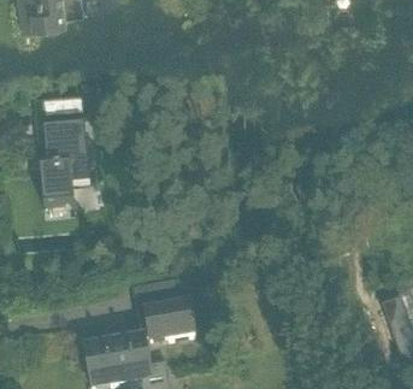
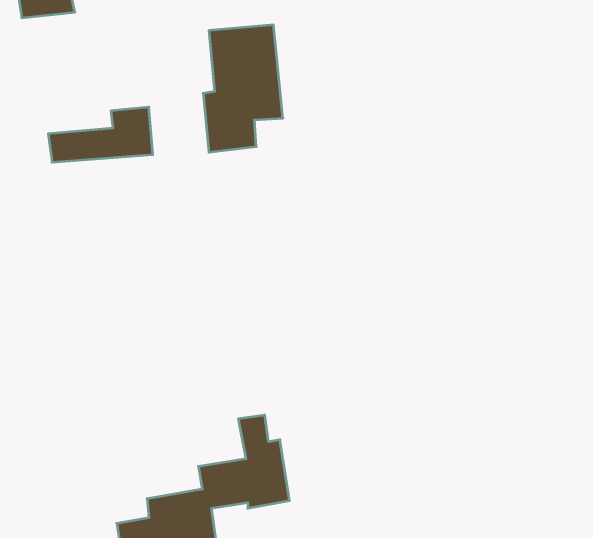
building: [40,129,90,210] -> [203,25,283,152]

